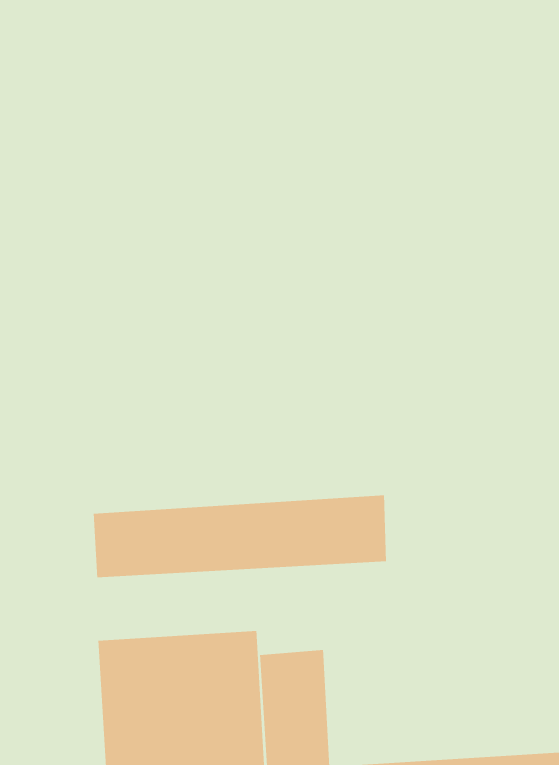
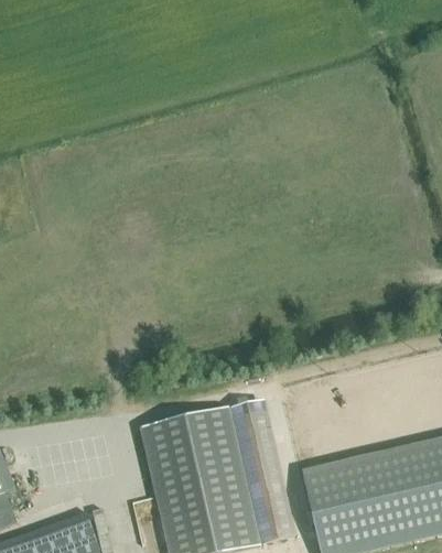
building: [93,494,387,578] -> none

